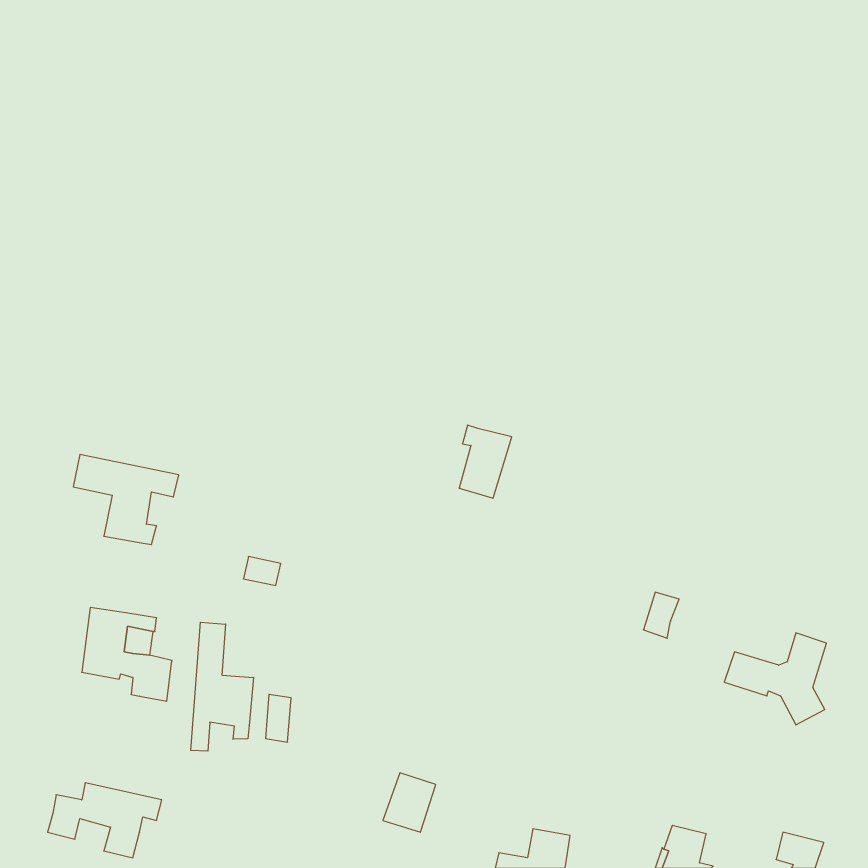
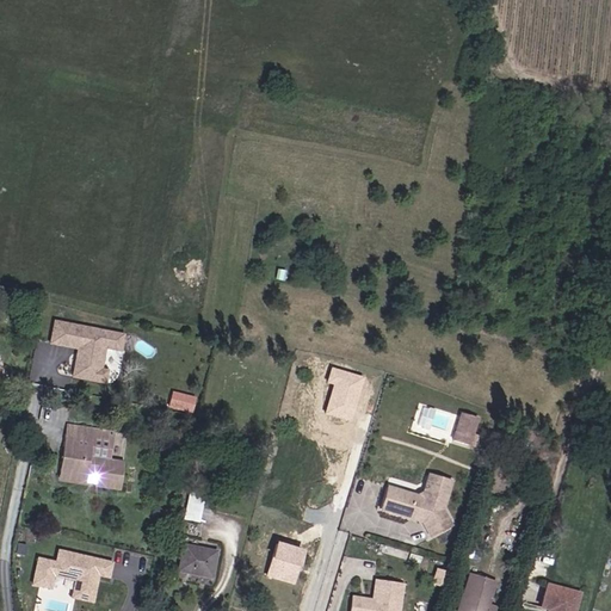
building: [459,425,512,498] -> [328,368,365,419]
building: [191,622,254,751] -> none
building: [724,633,826,725] -> [379,475,451,539]
building: none -> [178,544,216,578]

